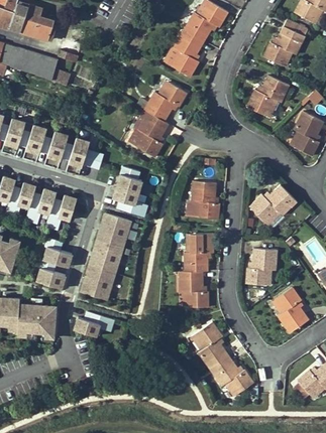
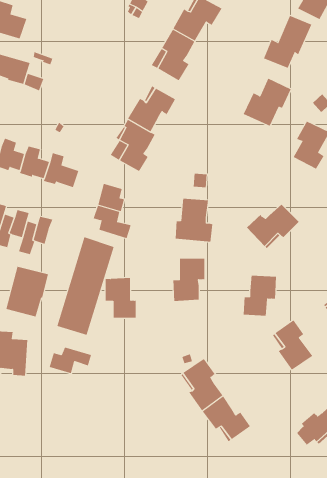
building: [180,271,208,307] -> [105,277,137,318]

